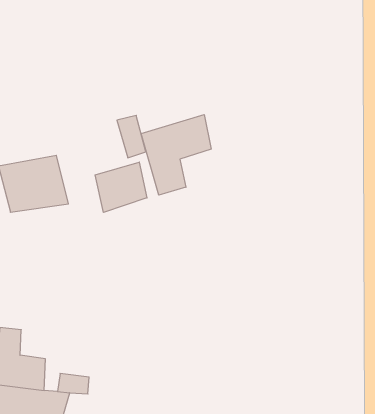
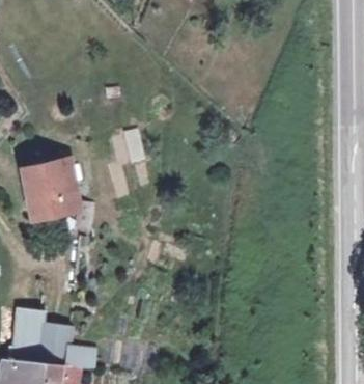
building: [141,115,211,195] -> none
building: [95,162,147,212] -> none

